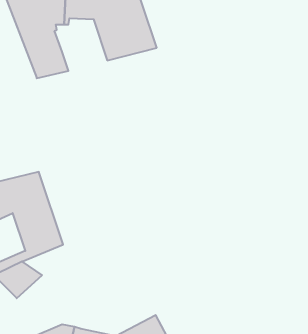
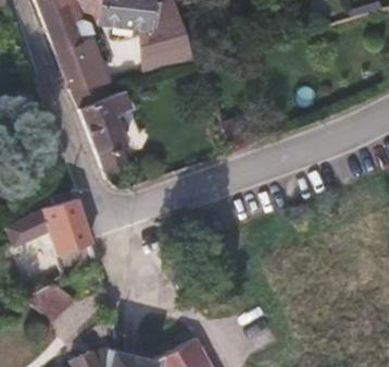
building: none -> [80,90,133,170]

